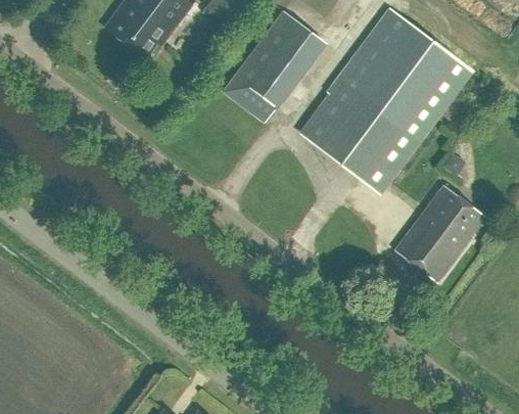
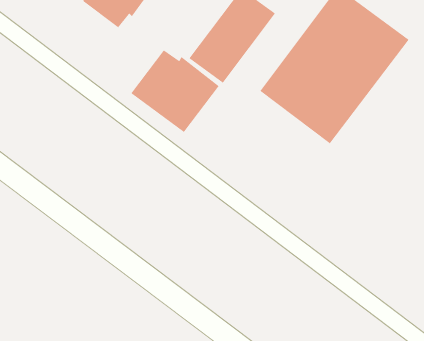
building: none -> [131,50,219,133]
building: [395,187,483,282] -> none

